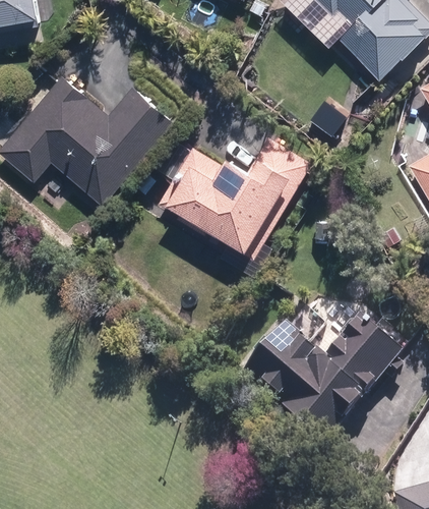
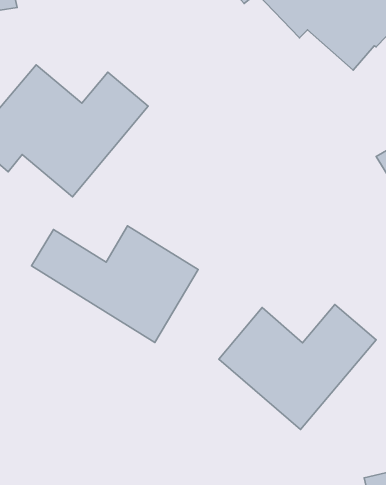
building: [157,137,312,251] -> none
building: none -> [31,226,198,342]

